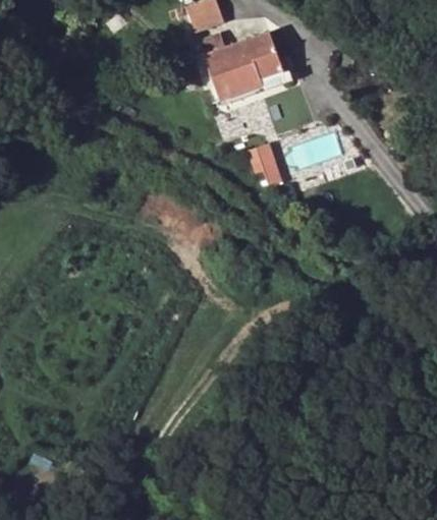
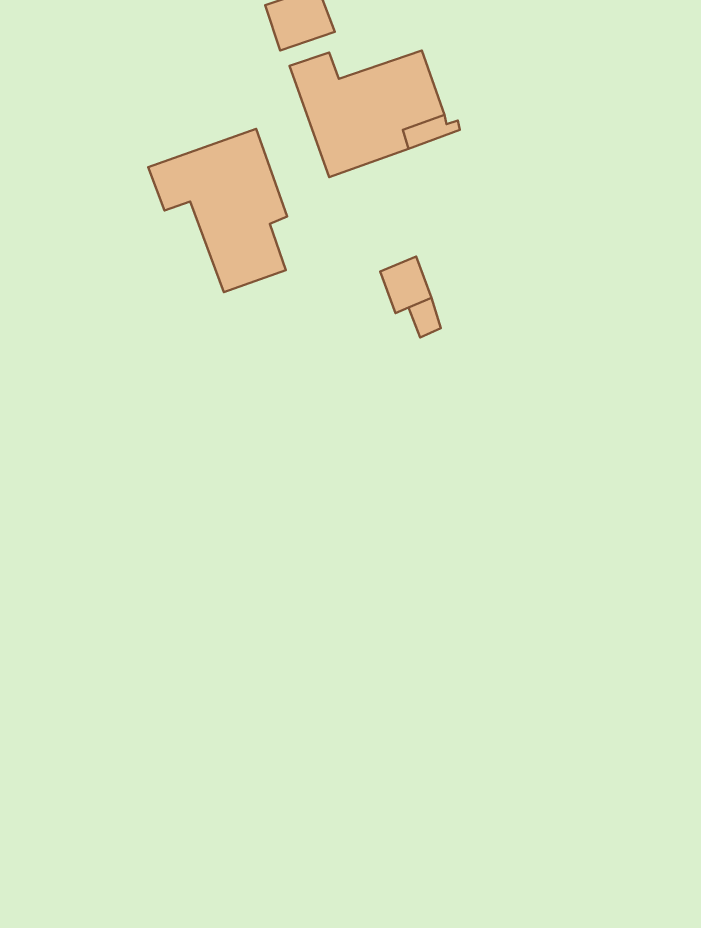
building: none -> [148,129,287,292]

